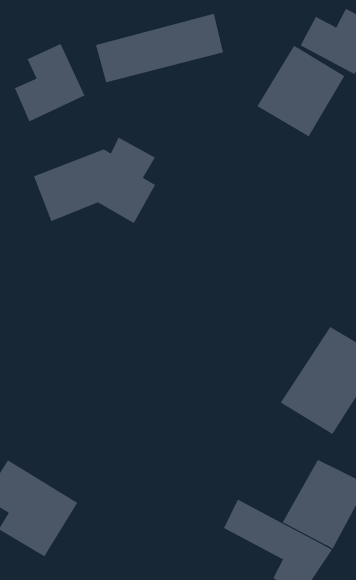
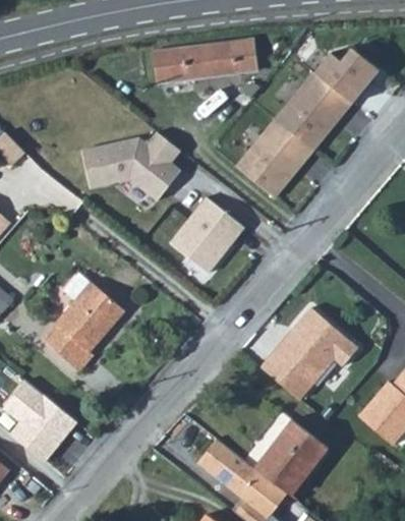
building: [14,43,85,122] -> none
building: none -> [235,116,315,197]
building: none -> [174,197,248,274]
building: none -> [40,273,122,371]

